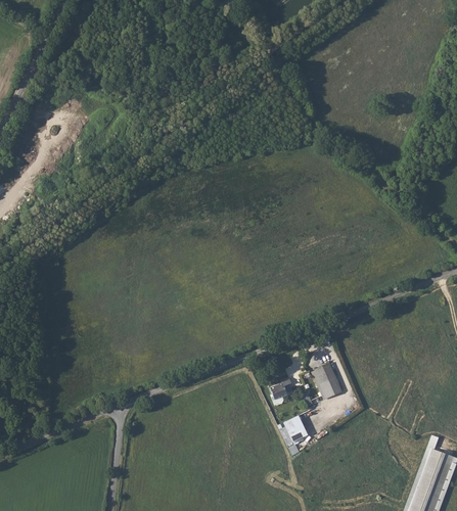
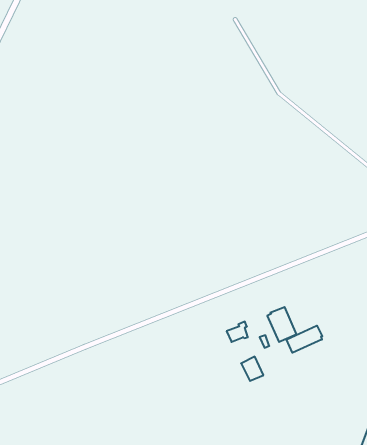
building: none -> [287,326,322,353]

